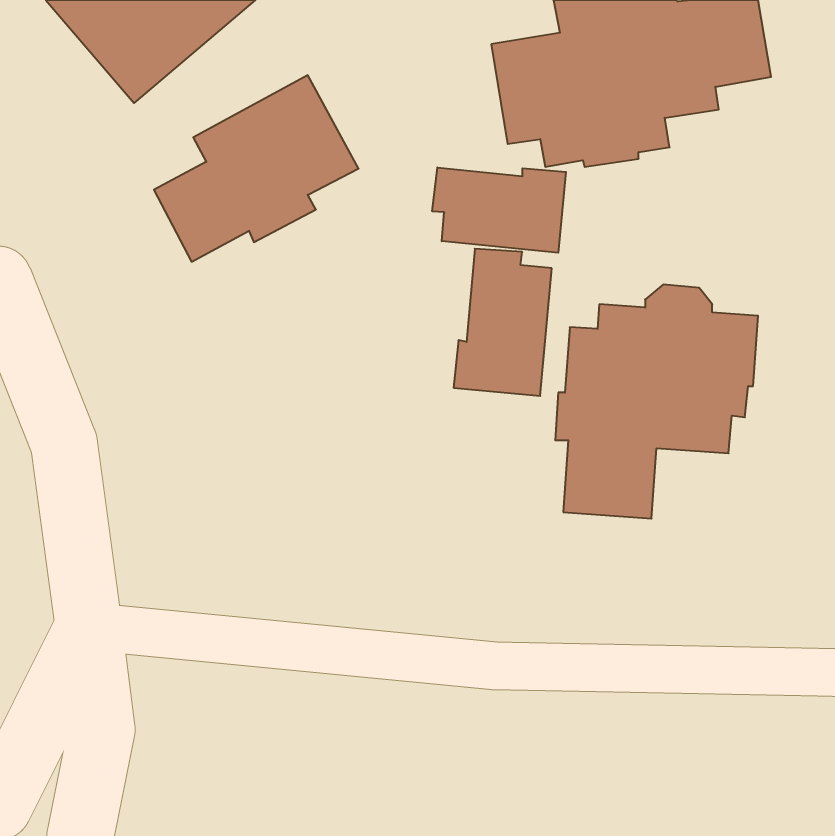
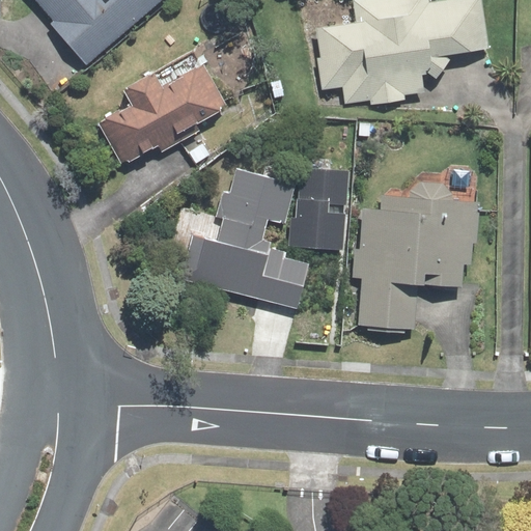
building: [432,167,566,253] -> none
building: none -> [167,167,310,309]

